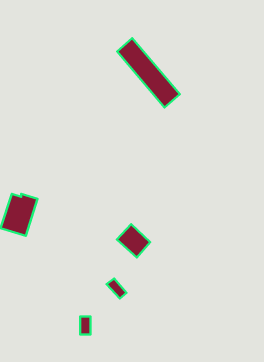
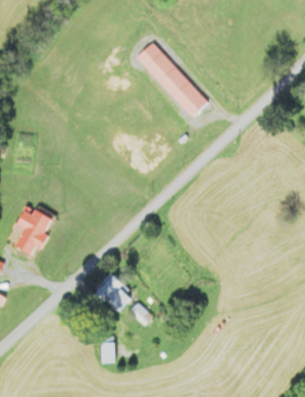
building: [117,224,150,258] -> [96,276,132,311]

